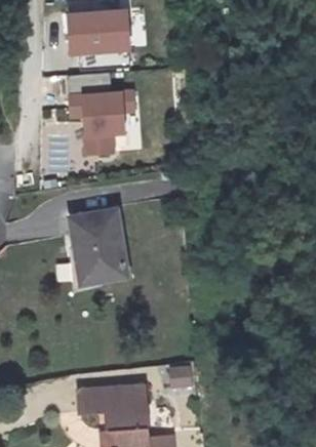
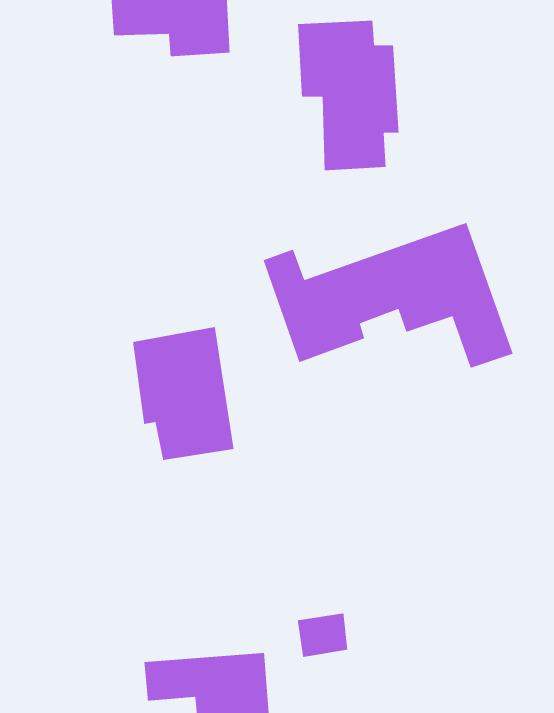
building: [67,74,122,156] -> [297,20,400,171]
building: none -> [262,222,514,369]

